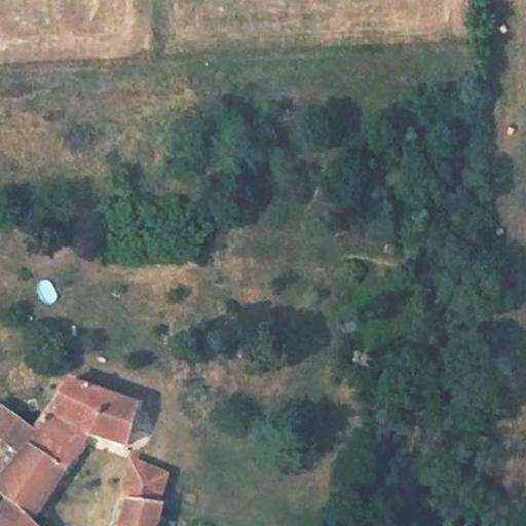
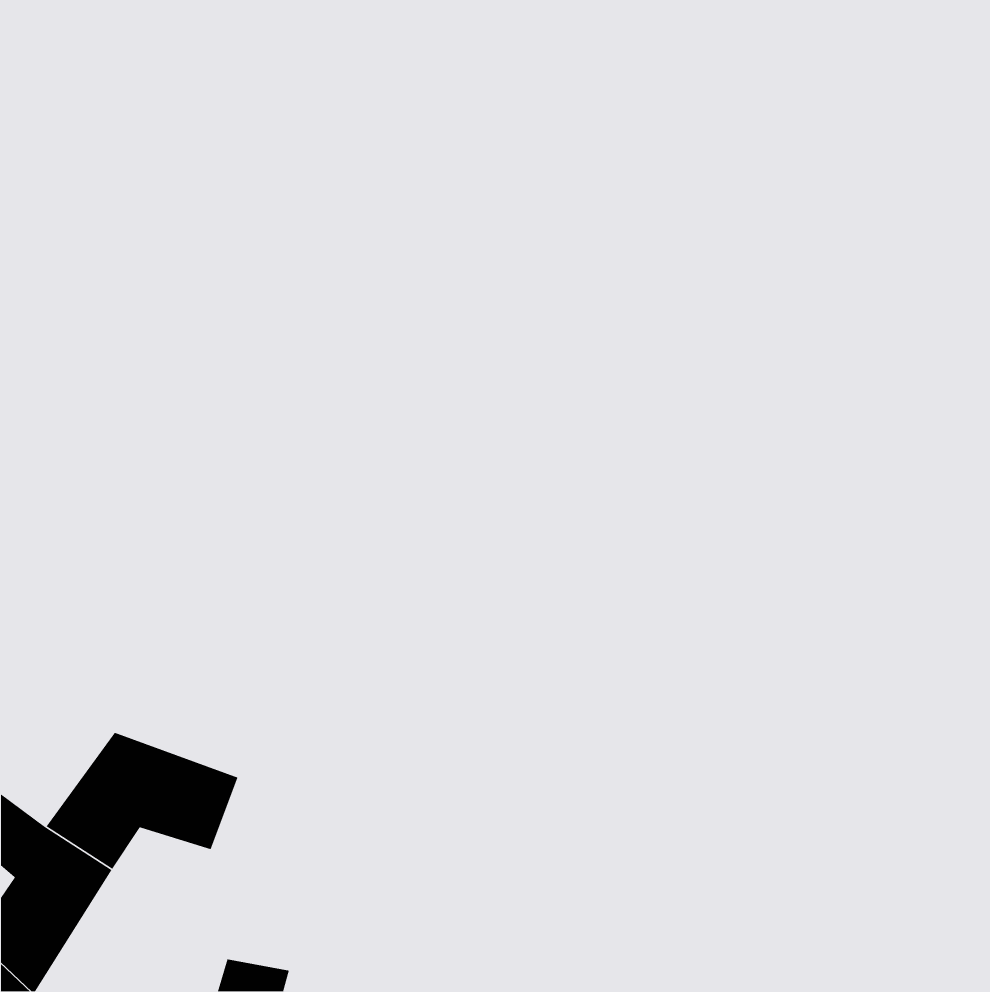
building: [127,465,165,505] -> none

